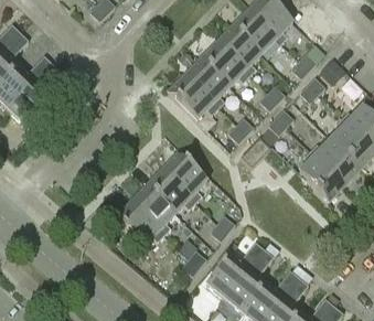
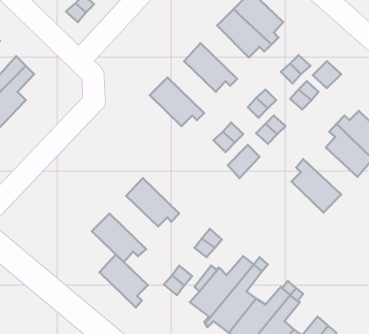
building: [215,25,260,75] -> none
building: [184,58,229,107] -> none
building: [311,139,362,183] -> none
building: [161,151,206,201] -> none
building: [130,184,175,234] -> [99,254,148,308]

